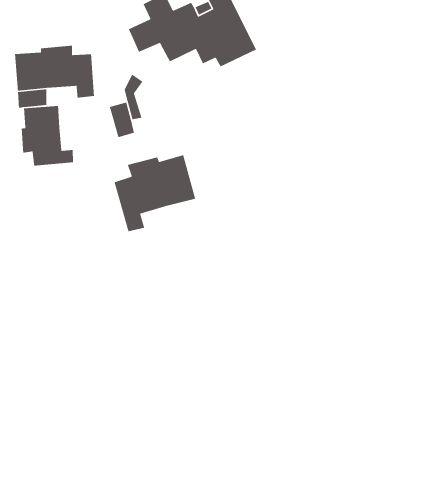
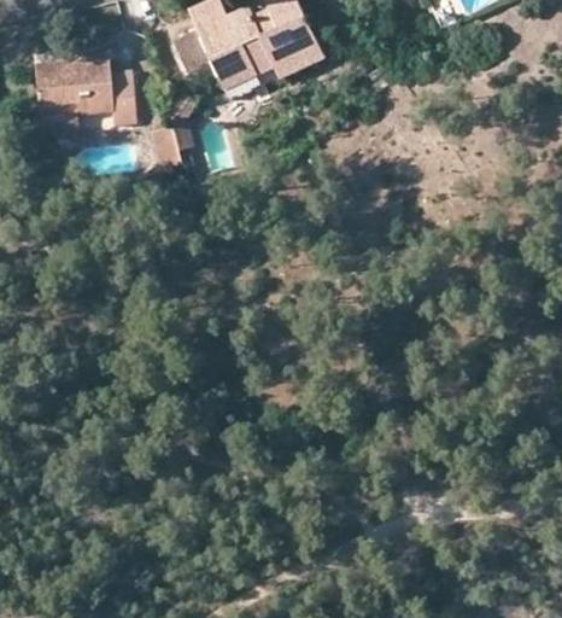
building: [21,105,74,166] -> none
building: [113,154,196,232] -> none

